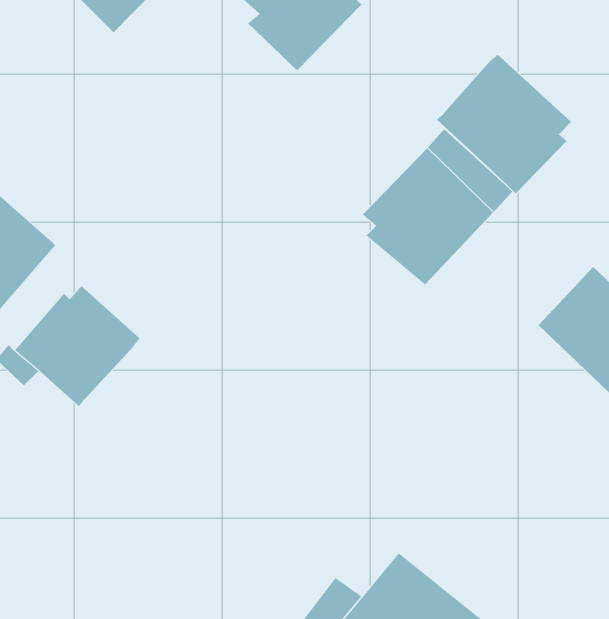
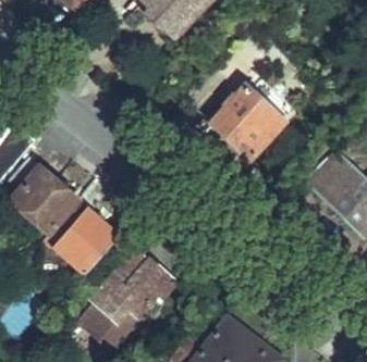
building: [436,54,572,194] -> none
building: none -> [50,199,121,277]
building: none -> [83,254,176,334]

